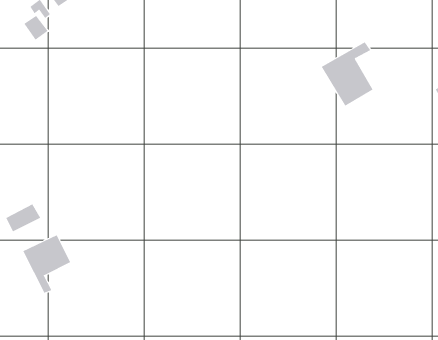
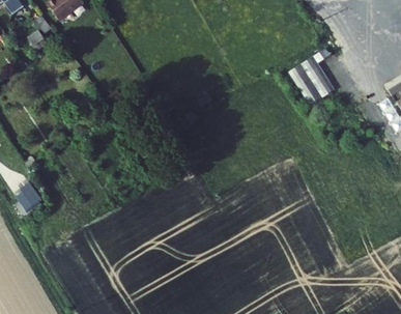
building: [23,235,71,293] -> none

